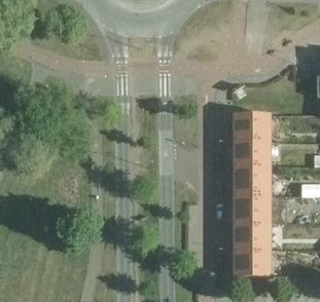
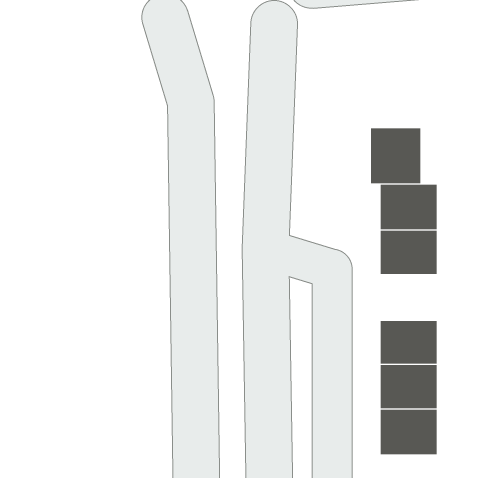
building: none -> [370,128,421,184]
building: [235,167,278,195] -> none

